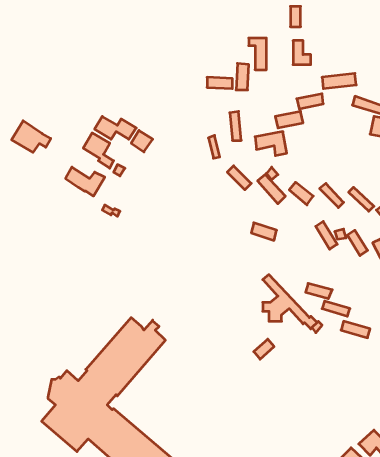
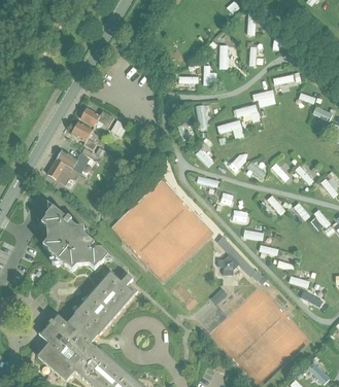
building: [12,121,51,152] -> [49,157,81,183]
building: none -> [43,203,130,281]

